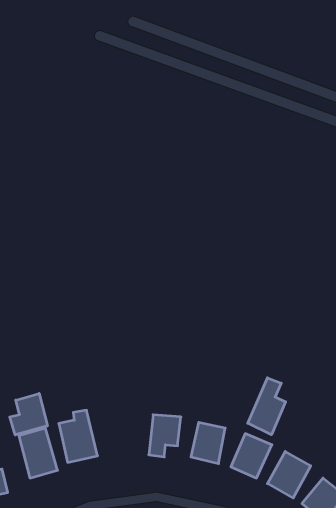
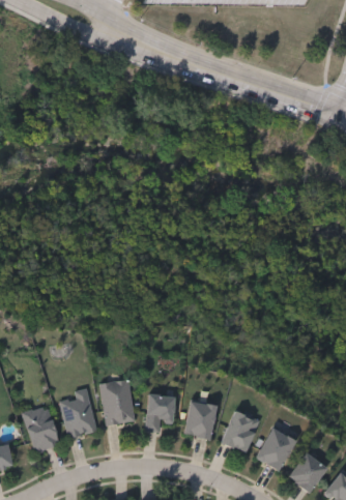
building: [248,378,286,435] -> none
building: [10,393,47,435] -> none
building: none -> [100,379,135,424]

